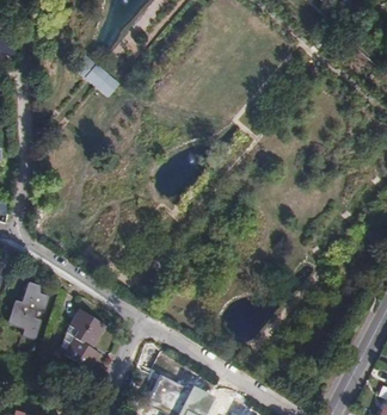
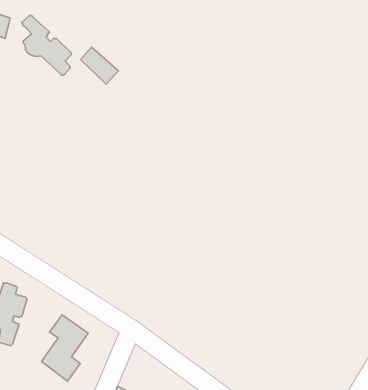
building: none -> [22,15,71,76]

